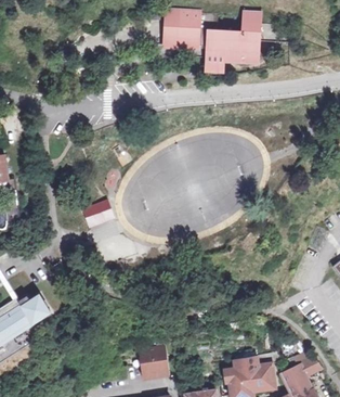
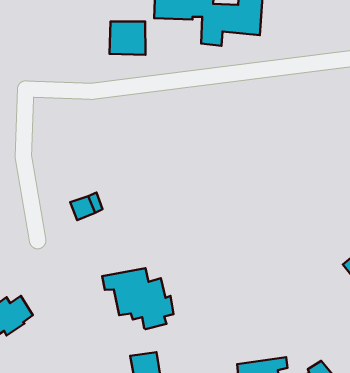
building: none -> [109,22,145,55]
building: none -> [102,268,174,329]

